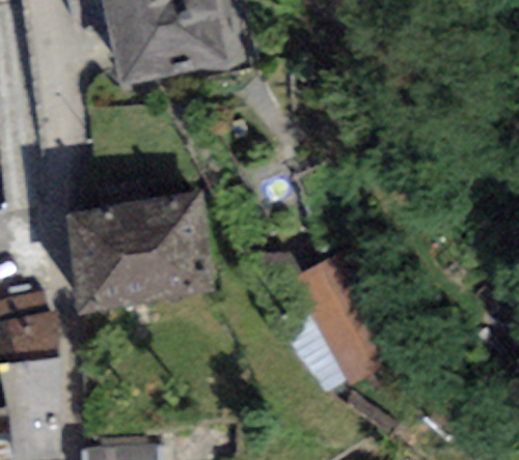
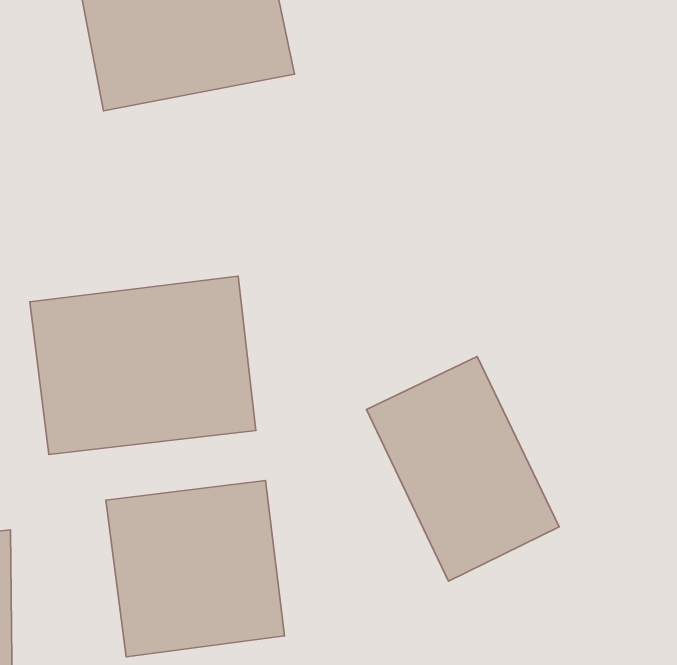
building: none -> [106,480,284,657]

